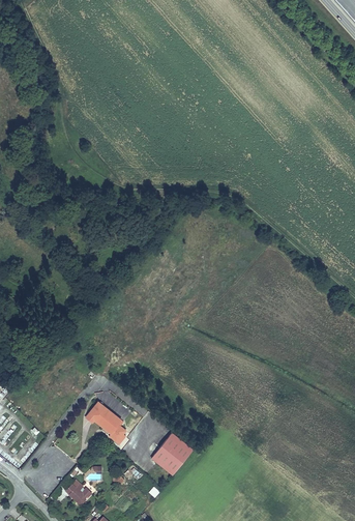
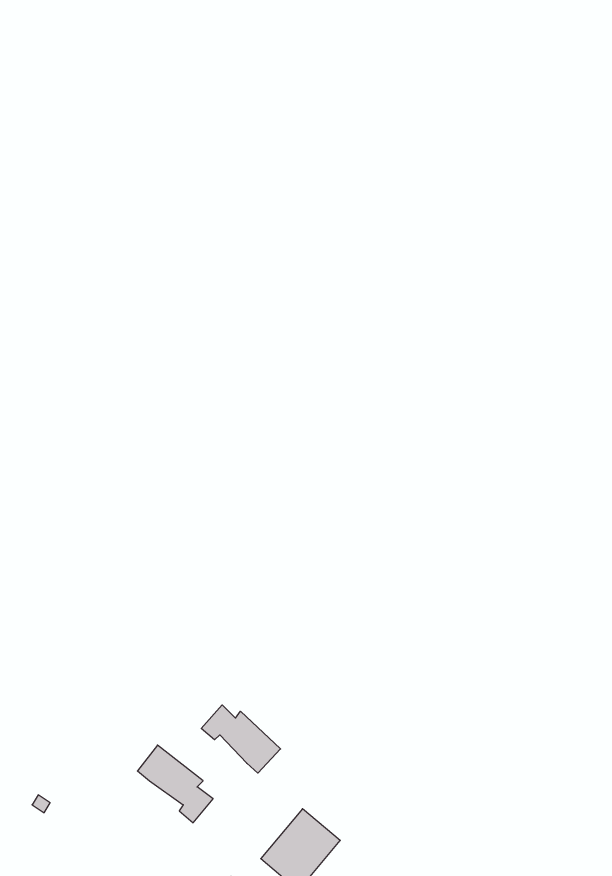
building: none -> [201,705,281,773]

